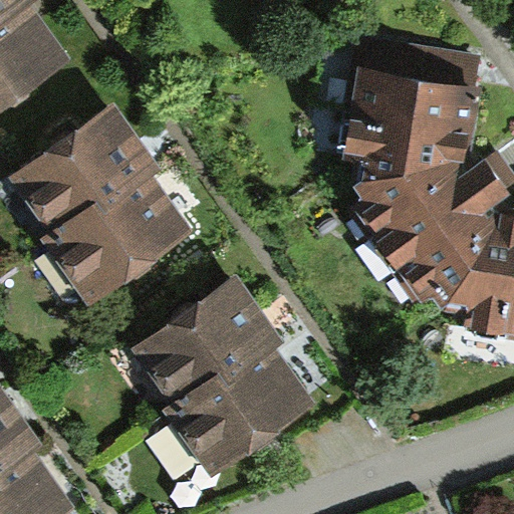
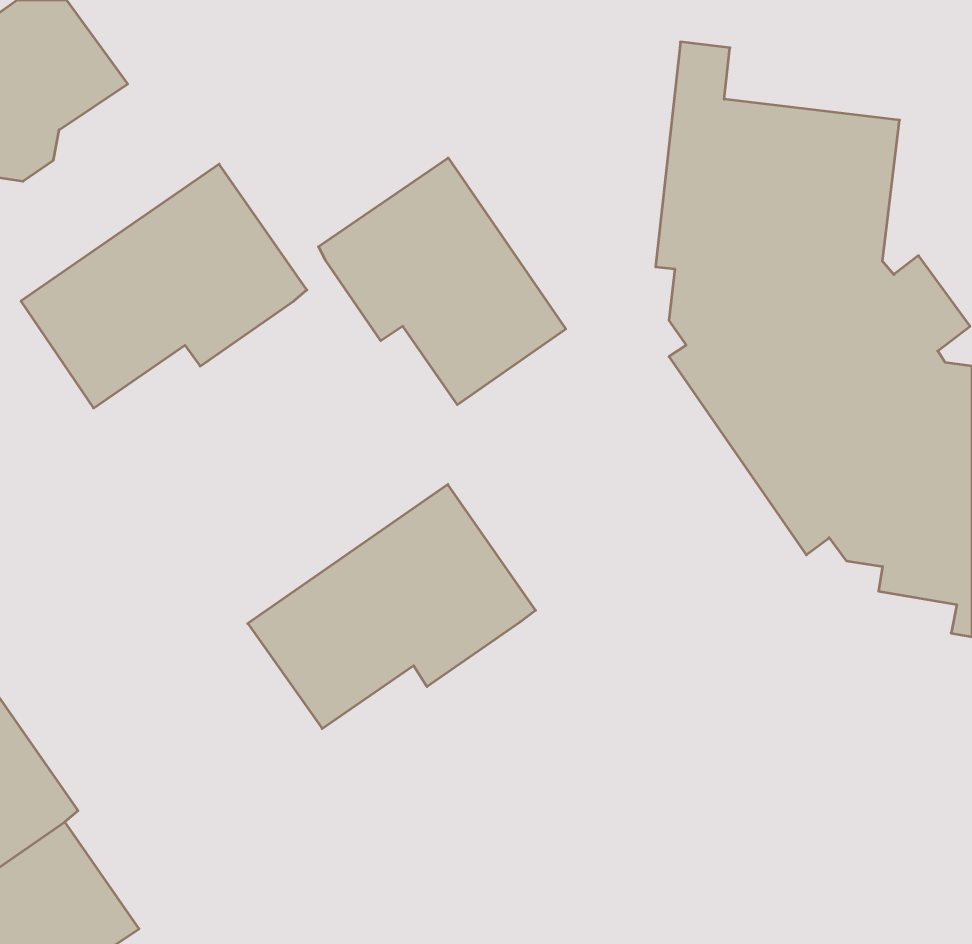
building: none -> [318,158,566,405]
building: [42,175,194,304] -> none
building: [163,343,314,473] -> none

